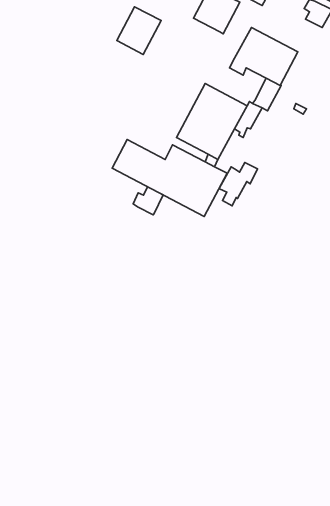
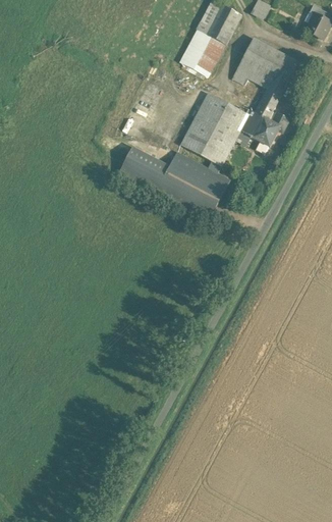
building: [117,7,161,54] -> [180,29,223,74]
building: [219,163,257,206] -> [253,111,289,153]
building: [133,187,163,215] -> none

